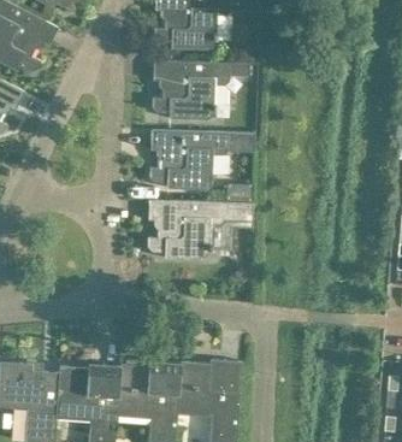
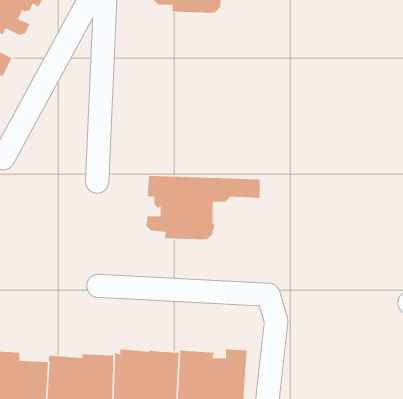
building: [152,60,249,120] -> none
building: [149,130,254,190] -> none

